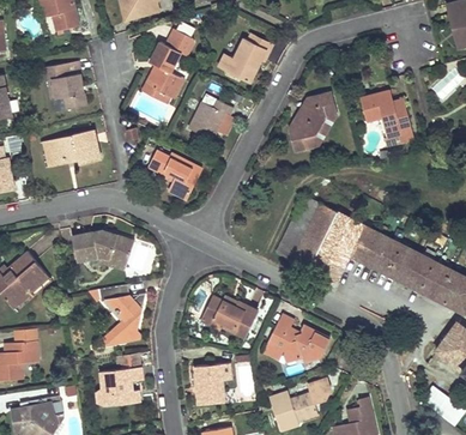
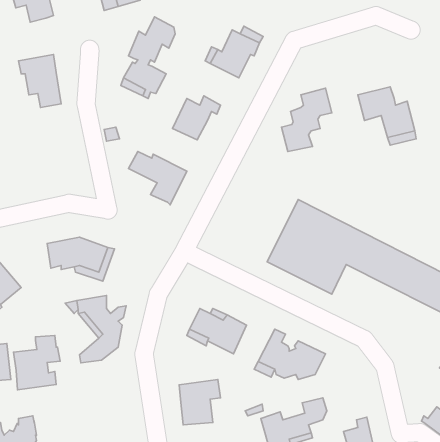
building: [46,129,99,167] -> none
building: [99,356,143,406] -> [13,335,60,390]

